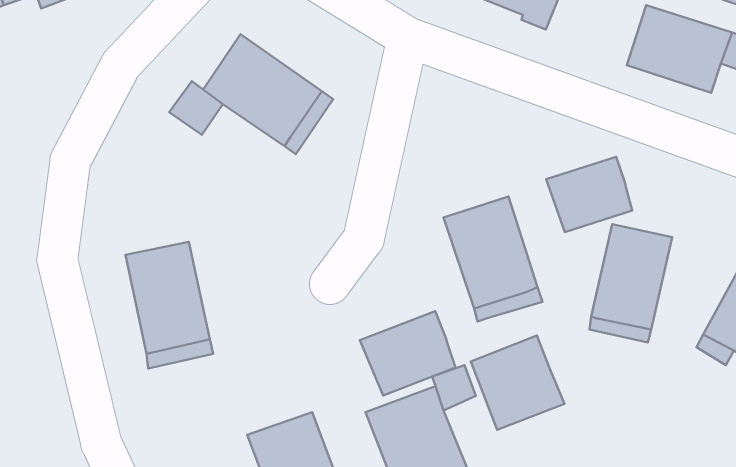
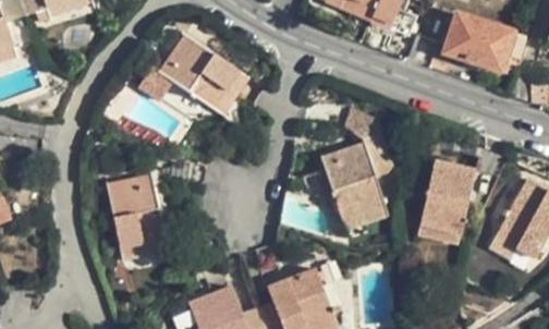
building: [546,157,632,232] -> none
building: [360,311,455,396] -> none
building: [471,336,565,430] -> none

